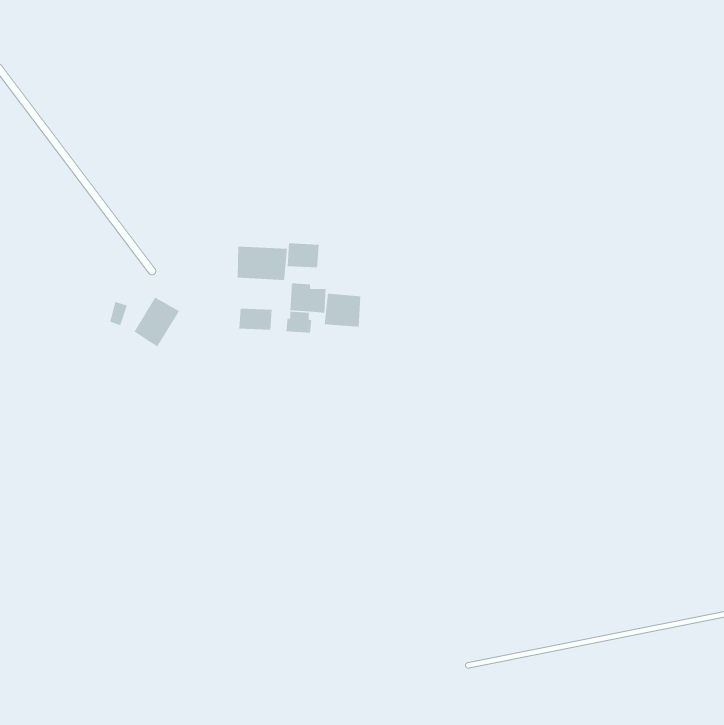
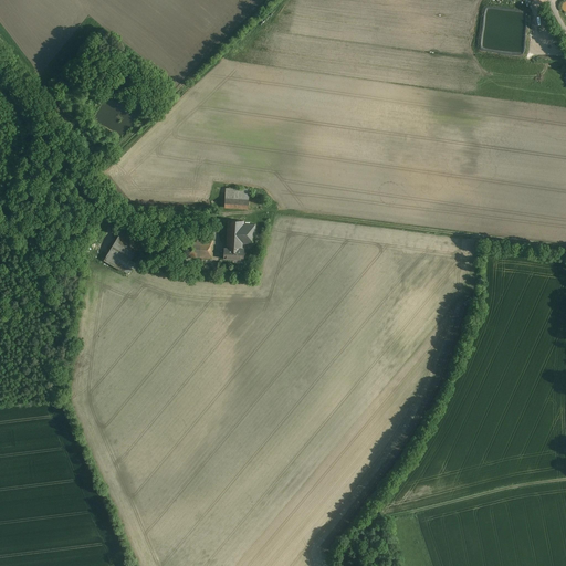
building: [237,246,288,281] -> none
building: [324,293,361,327] -> none

